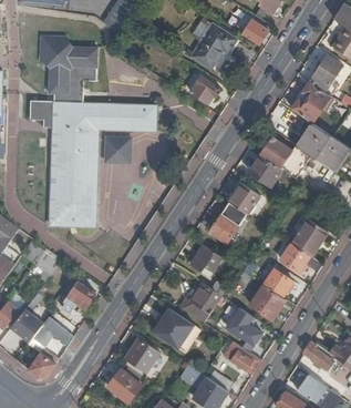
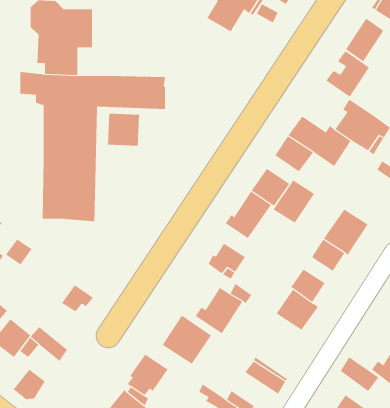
building: [188,75,219,103] -> none
building: none -> [273,180,315,223]
building: [227,308,261,345] -> none

